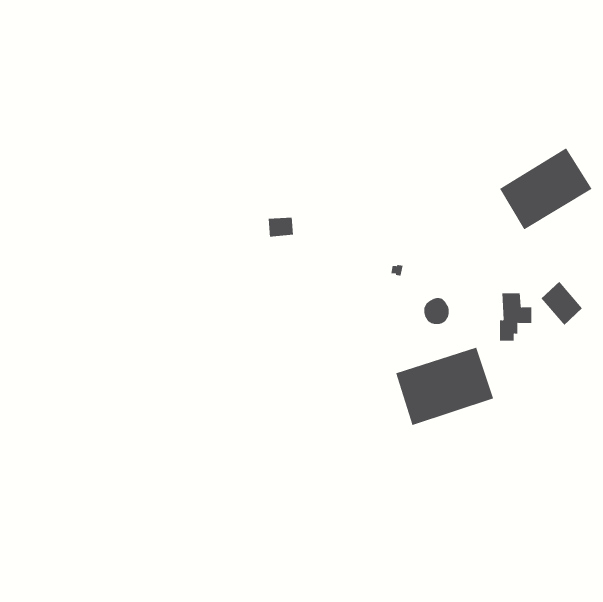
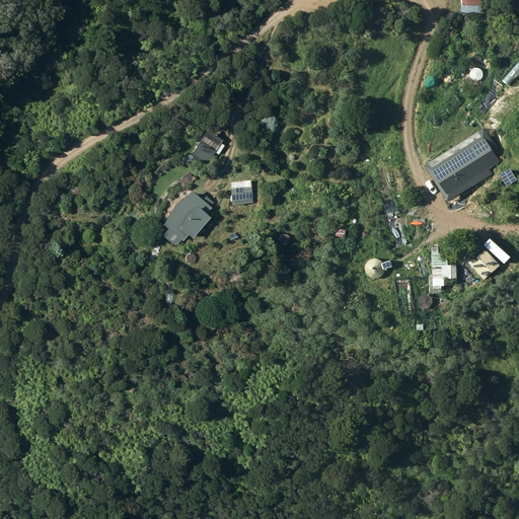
building: none -> [192,132,223,163]
building: none -> [161,191,212,244]
building: [396,347,494,426] -> none

